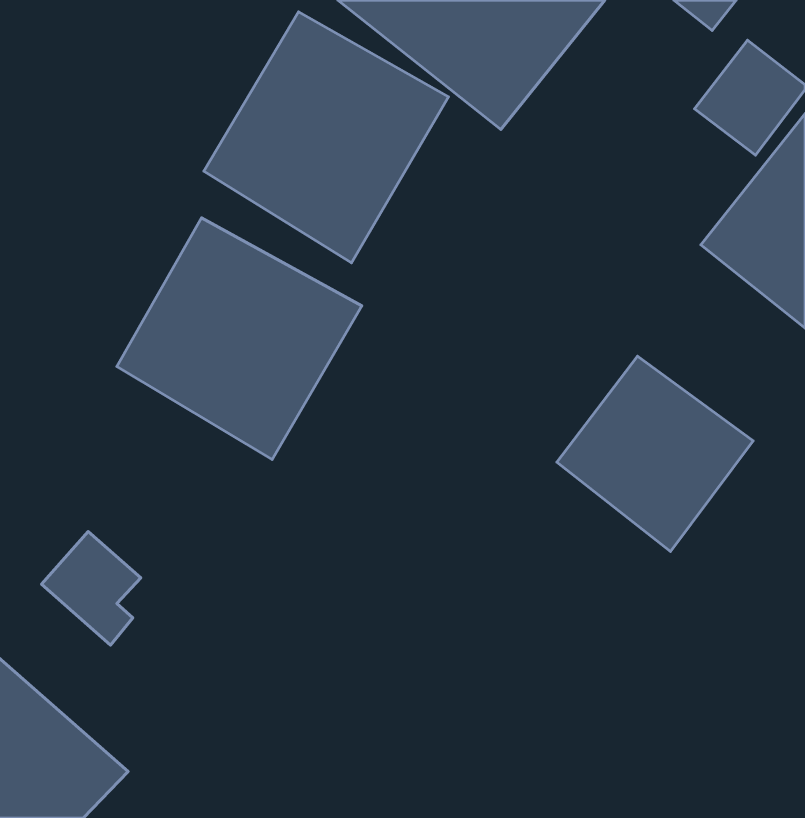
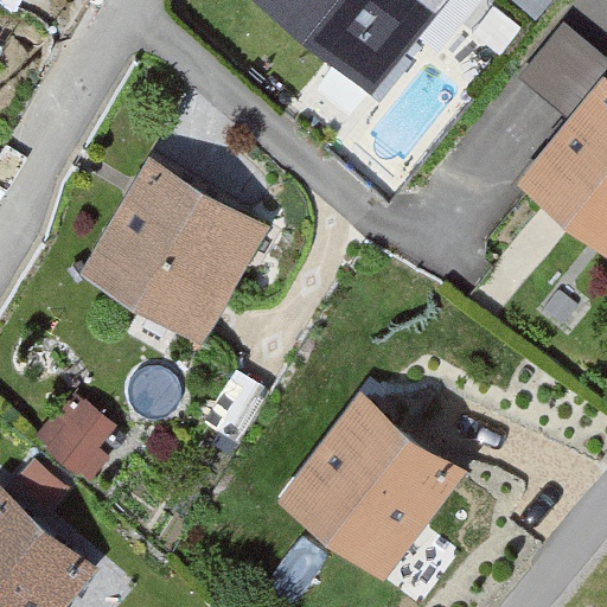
building: [204,12,448,263] -> none
building: [557,356,753,552] -> none
building: none -> [282,391,471,580]

